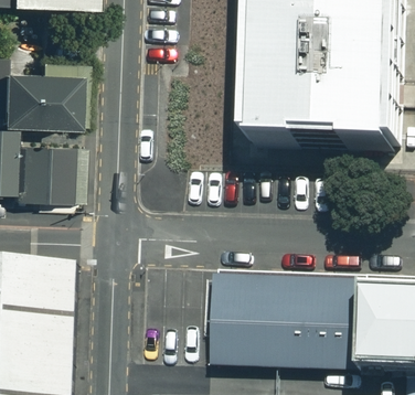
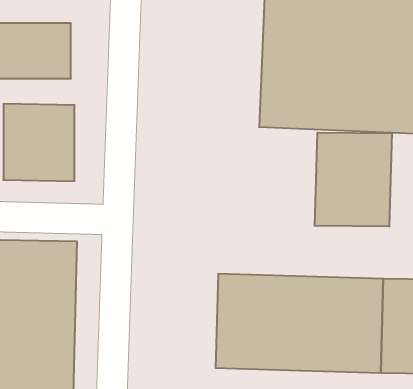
building: none -> [315,133,392,227]

